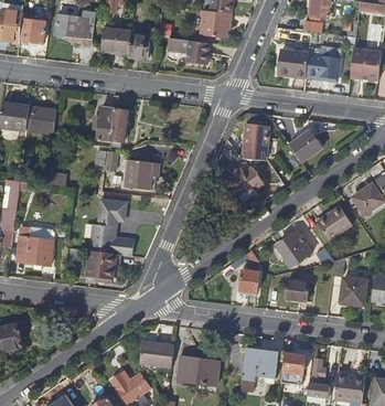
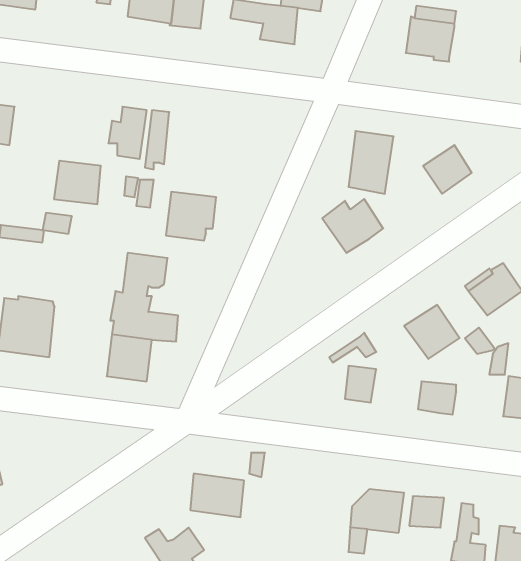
building: [306,55,340,79] -> none
building: [26,106,56,133] -> [54,161,101,204]
building: [180,353,221,389] -> none

